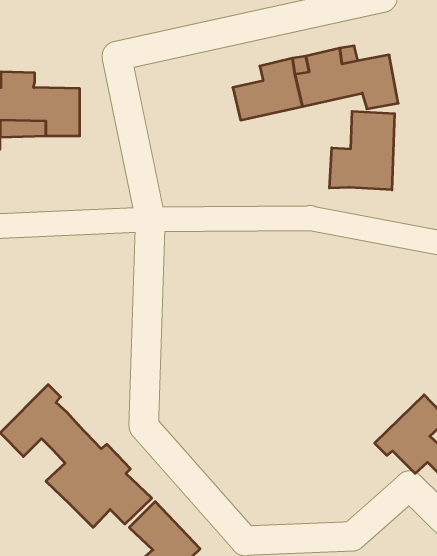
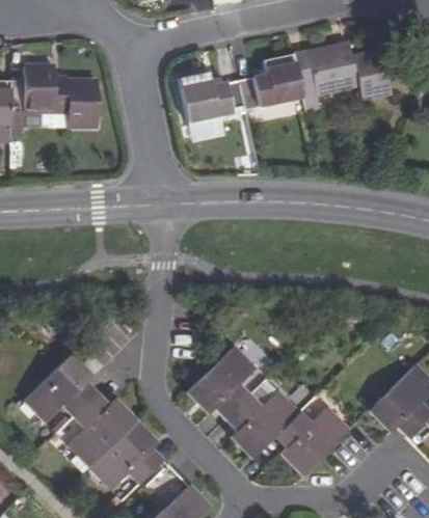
building: none -> [181,73,247,124]
building: [329,111,395,190] -> none
building: none -> [188,346,350,475]

